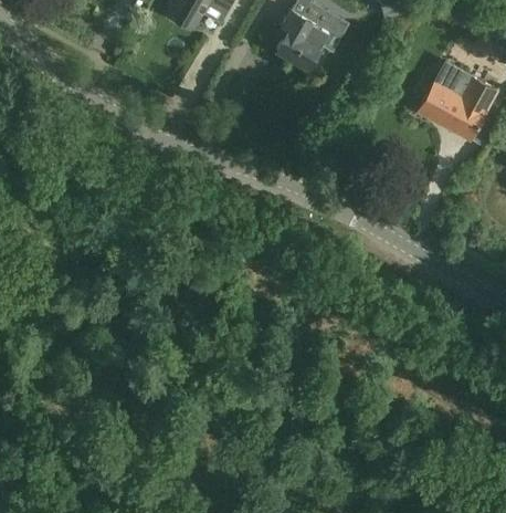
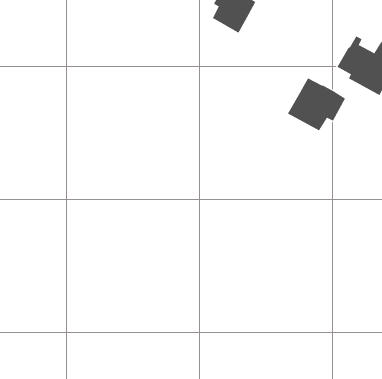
building: none -> [287,77,346,131]

